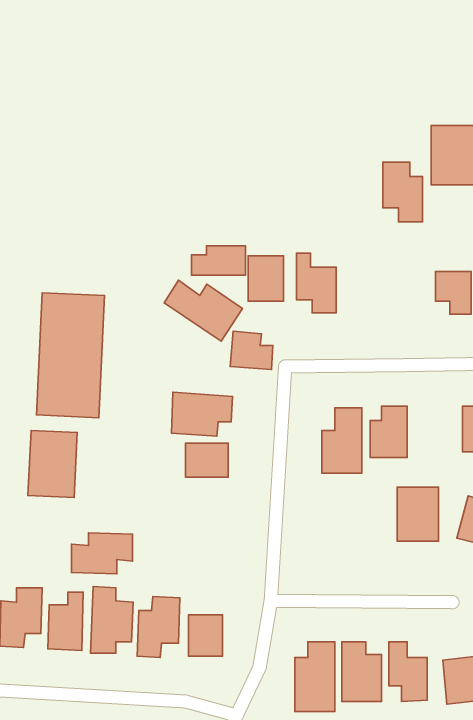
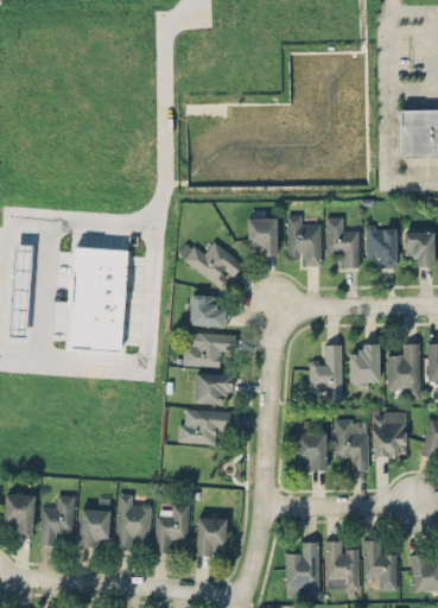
building: [383,162,423,222] -> [325,217,358,267]
building: [191,246,246,275] -> none
building: none -> [367,227,396,267]
building: [230,331,273,369] -> [189,294,224,327]
building: none -> [387,343,420,398]
building: [28,430,77,498] -> none
building: none -> [335,419,368,470]
building: none -> [296,431,325,470]
building: [71,533,133,574] -> [178,410,229,444]

